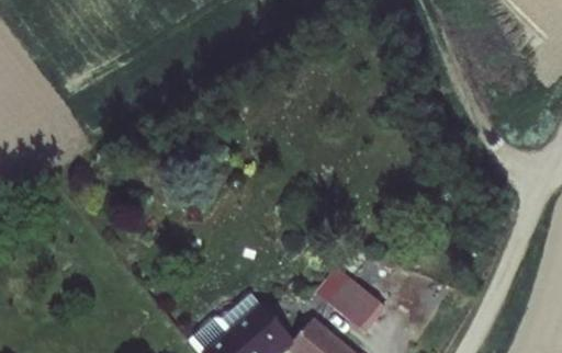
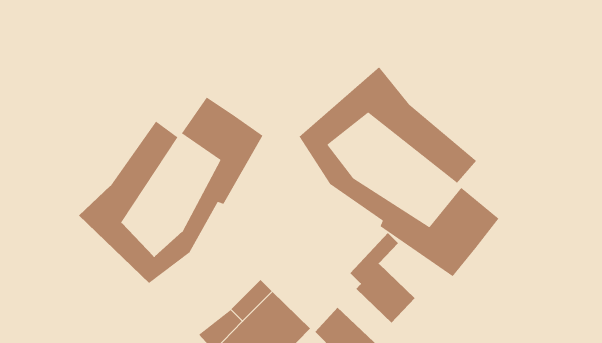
building: none -> [299,66,500,277]
building: none -> [78,97,264,284]

